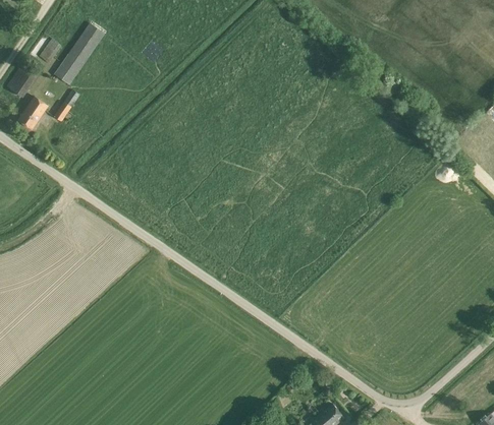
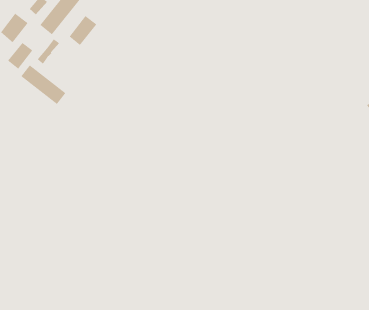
building: none -> [69,15,97,46]
building: none -> [20,64,66,105]

